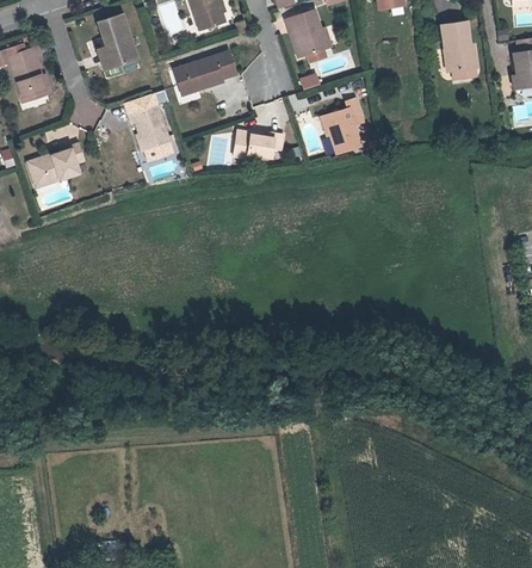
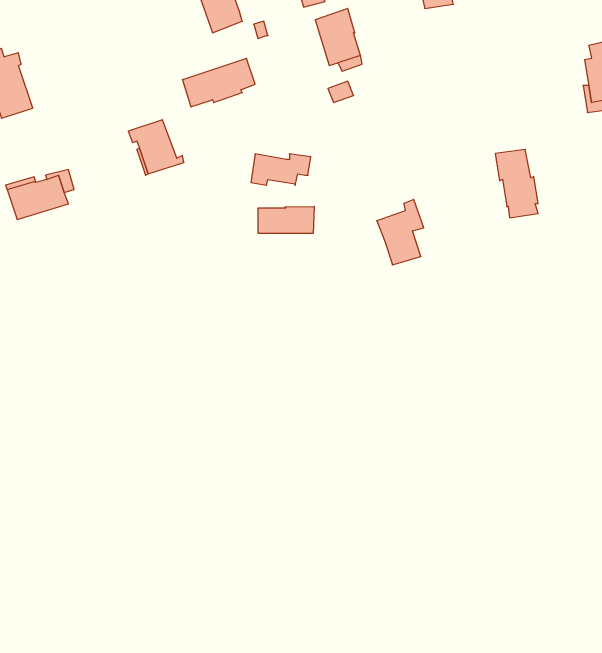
building: [99,11,138,68] -> none
building: [440,23,476,80] -> [495,149,538,218]
building: [321,98,360,153] -> [377,199,424,265]
building: none -> [258,206,314,233]

